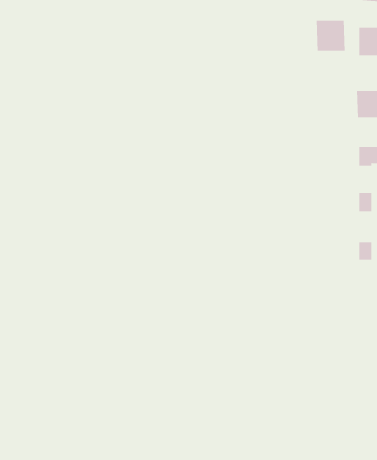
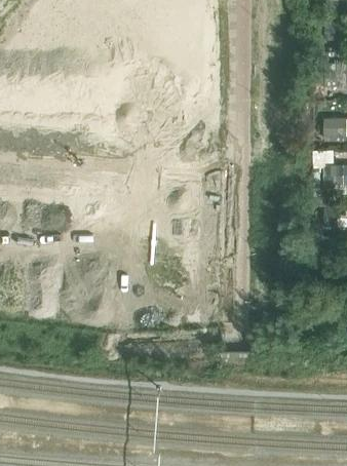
building: [316,20,345,51] -> none

